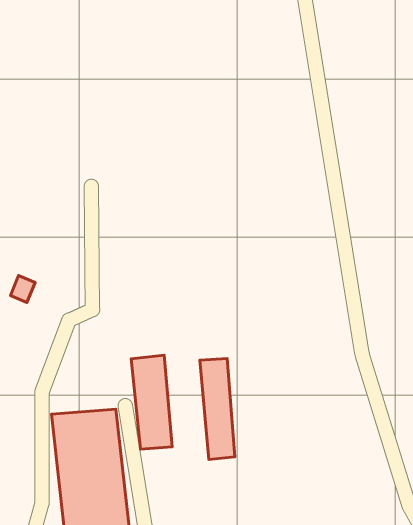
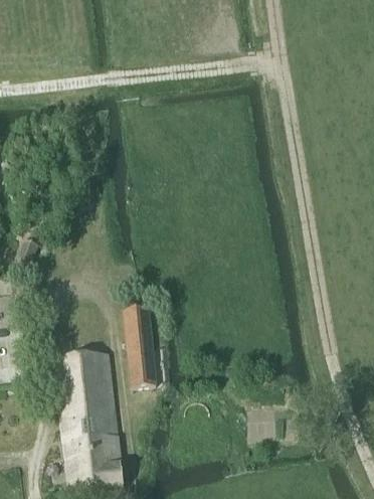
building: [200,358,235,460] -> none

